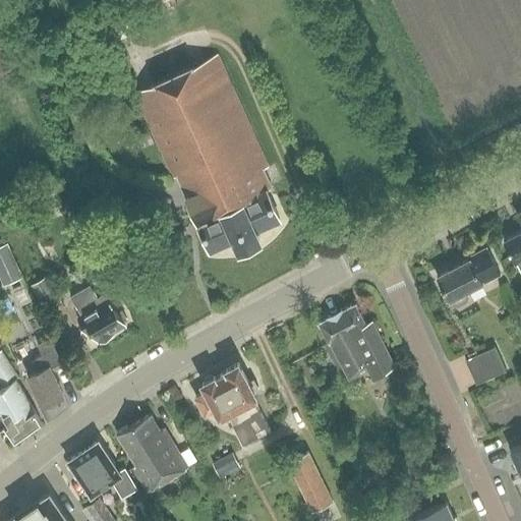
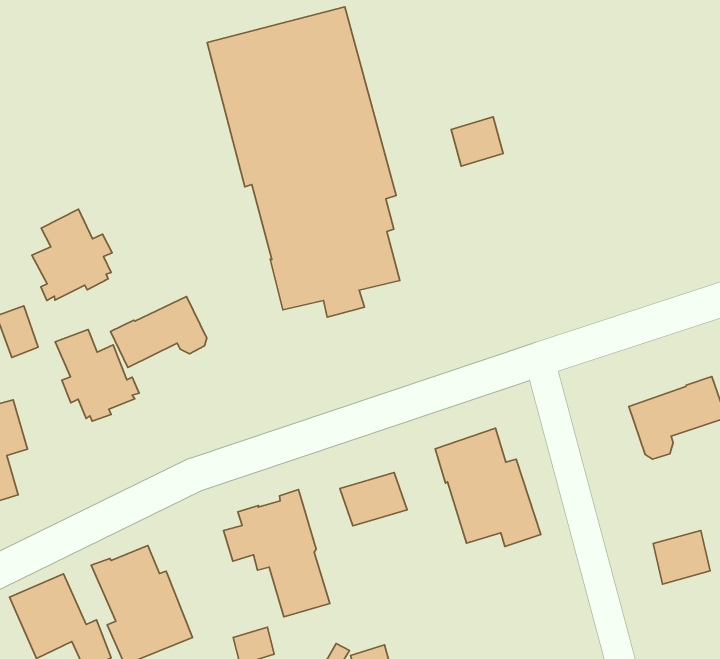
building: none -> [451,117,503,166]
building: none -> [32,209,112,300]
building: none -> [110,297,207,367]
building: none -> [340,473,407,526]

